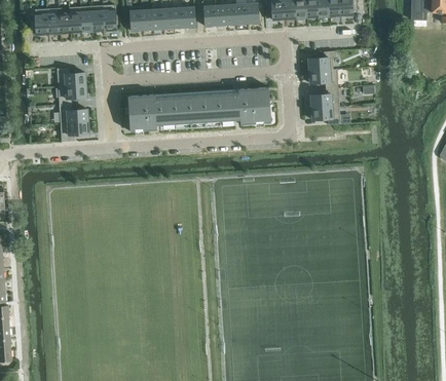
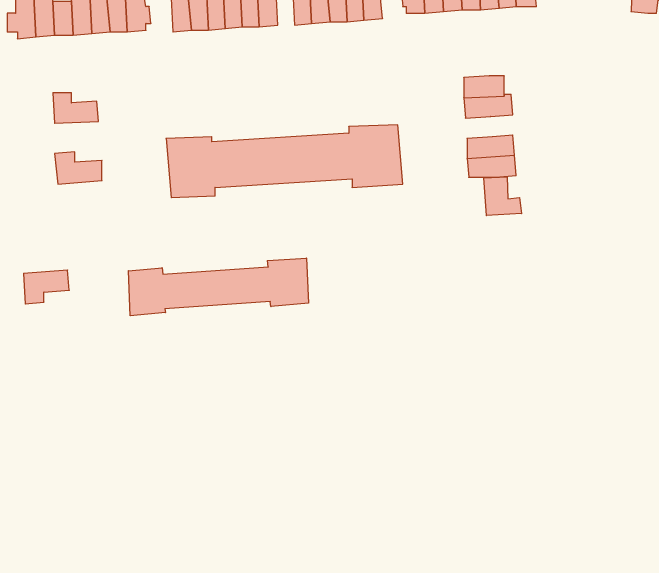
building: [60,85,87,105] -> none
building: none -> [484,177,522,216]
building: [62,121,89,142] -> [24,270,69,304]
building: none -> [128,258,308,316]

